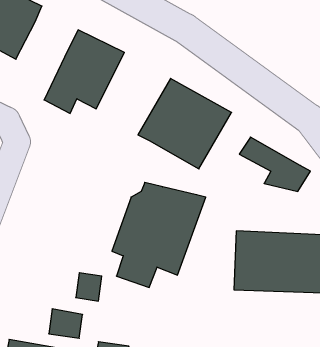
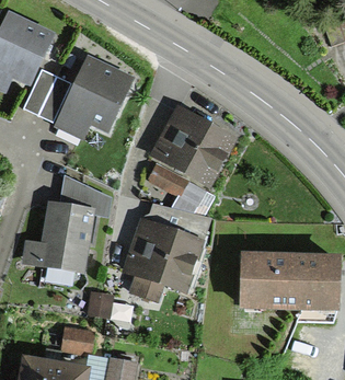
building: none -> [24,70,71,123]
building: [239,137,310,191] -> [147,163,216,216]
building: none -> [22,175,112,273]

